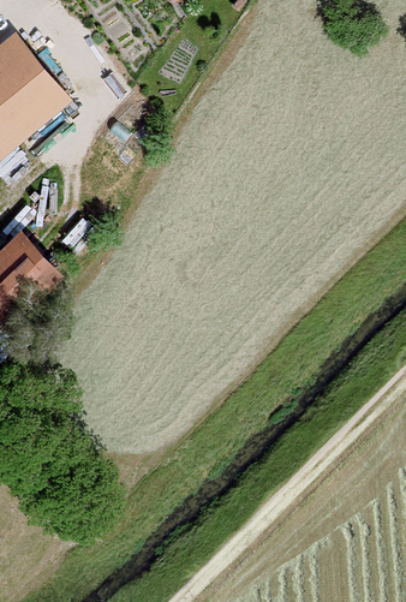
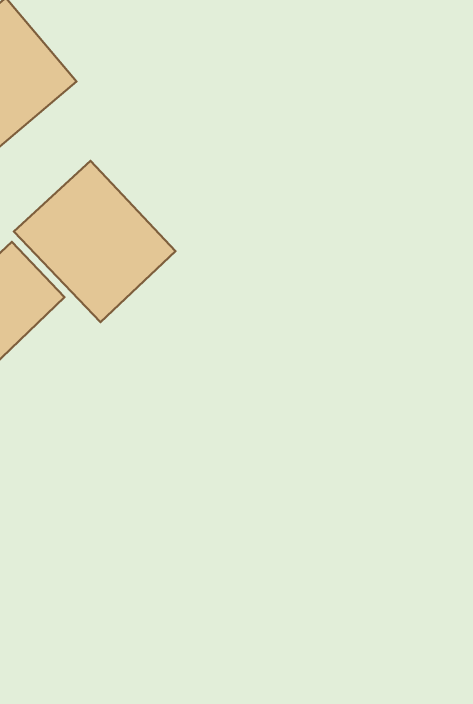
building: none -> [14,161,176,322]

